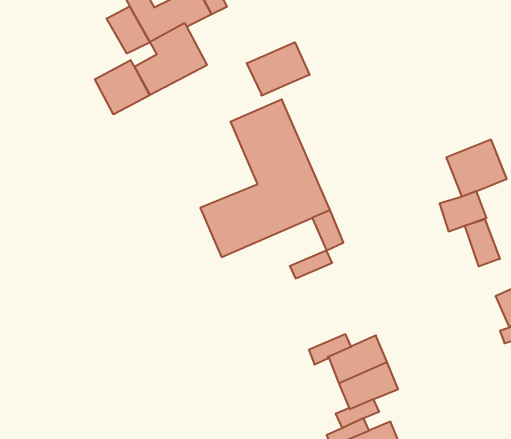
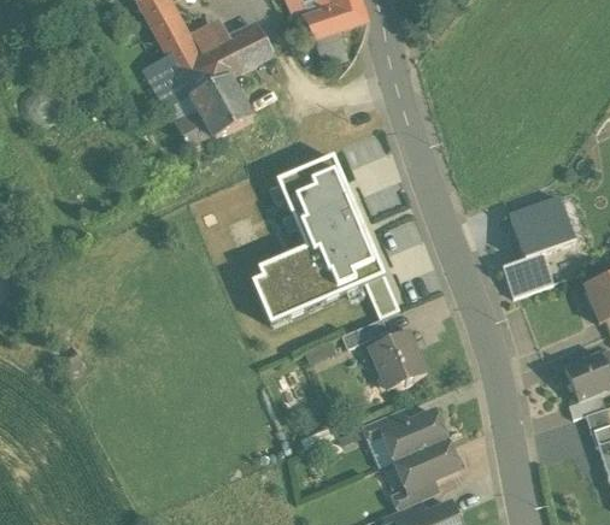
building: [247,42,310,96] -> none
building: [95,60,149,114] -> none
building: [465,219,500,266] -> none
building: none -> [368,330,426,387]

